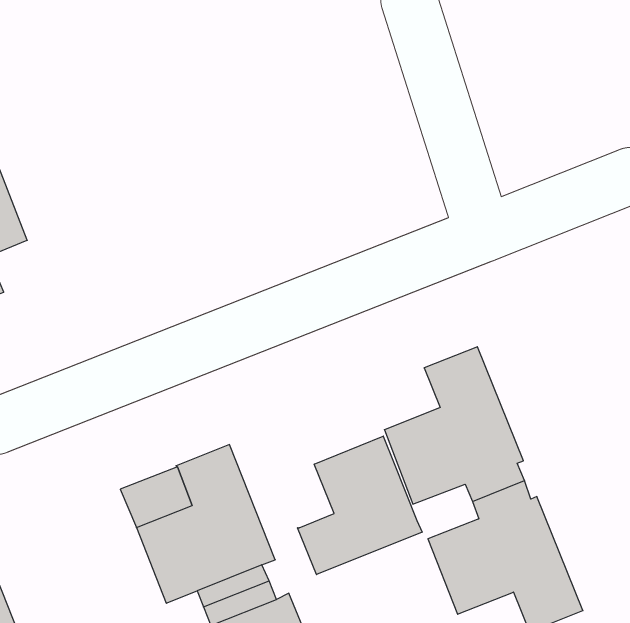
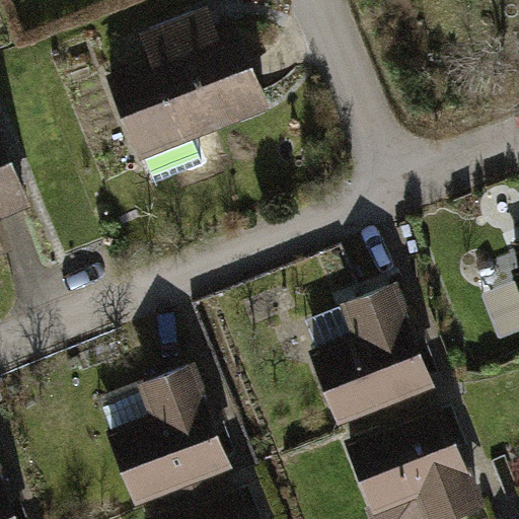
building: none -> [110,22,264,186]
building: [298,436,422,575] -> none

